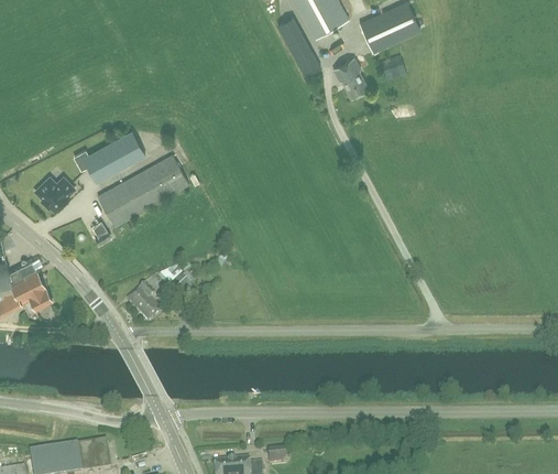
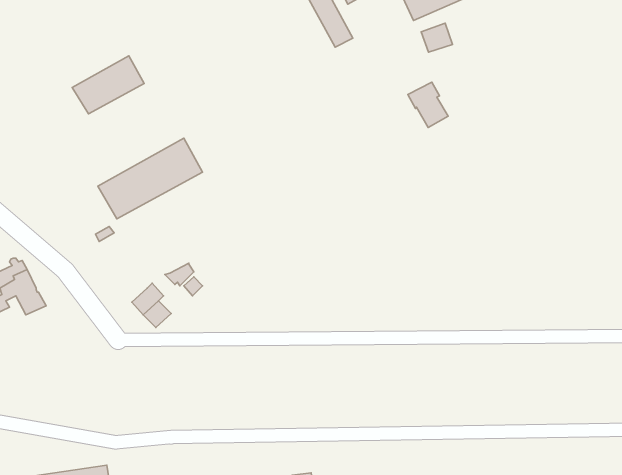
building: [332,58,368,98] -> [408,82,448,127]
building: [81,131,144,182] -> [72,56,144,114]
building: [32,175,76,213] -> none

